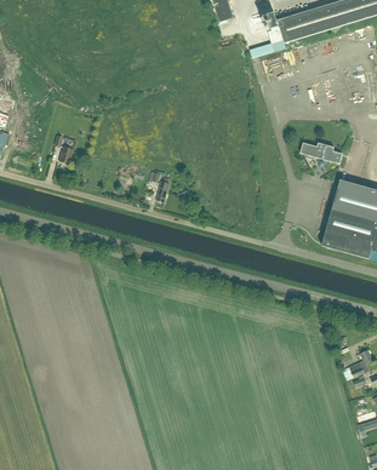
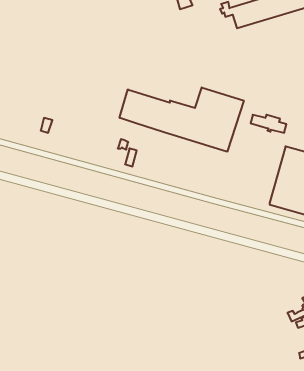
building: none -> [120,87,244,152]

